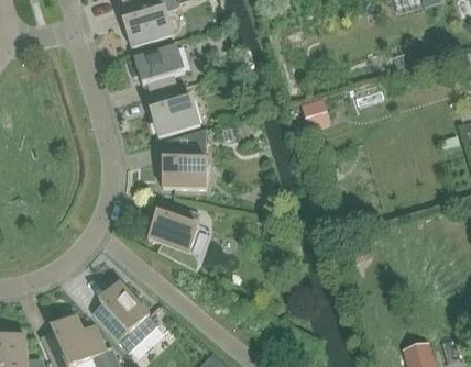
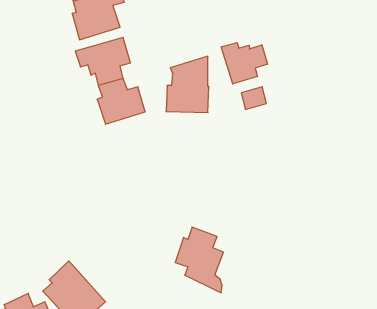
building: none -> [221,43,268,84]
building: [162,127,207,187] -> [166,56,209,113]
building: [149,200,199,269] -> [175,227,223,293]

